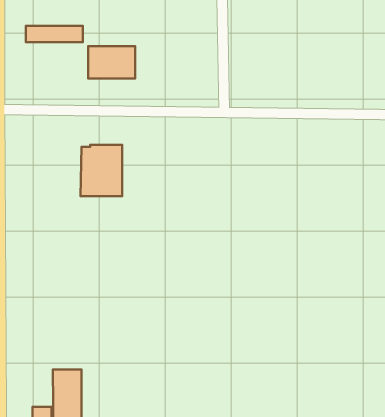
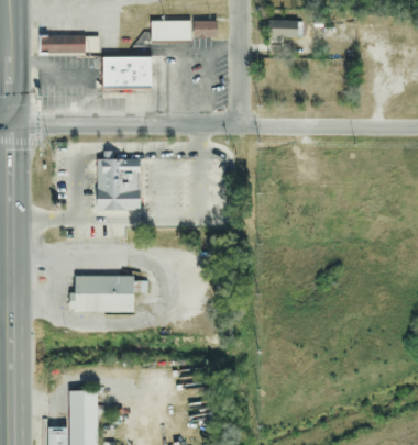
building: none -> [151,20,219,40]
building: none -> [271,20,298,36]
building: none -> [73,276,134,312]

